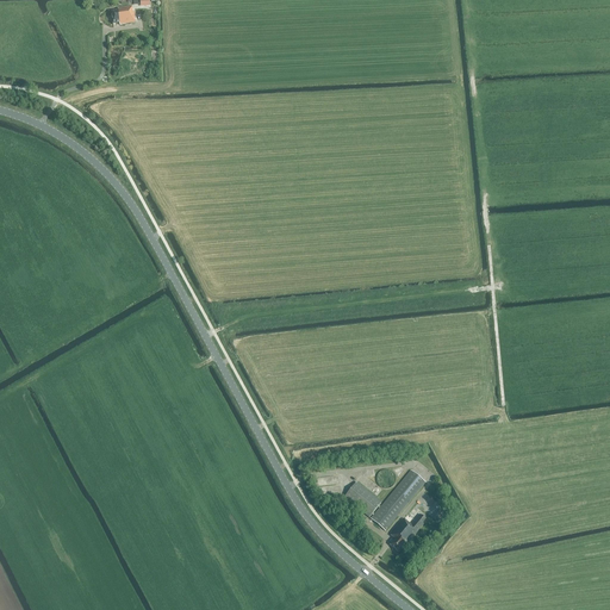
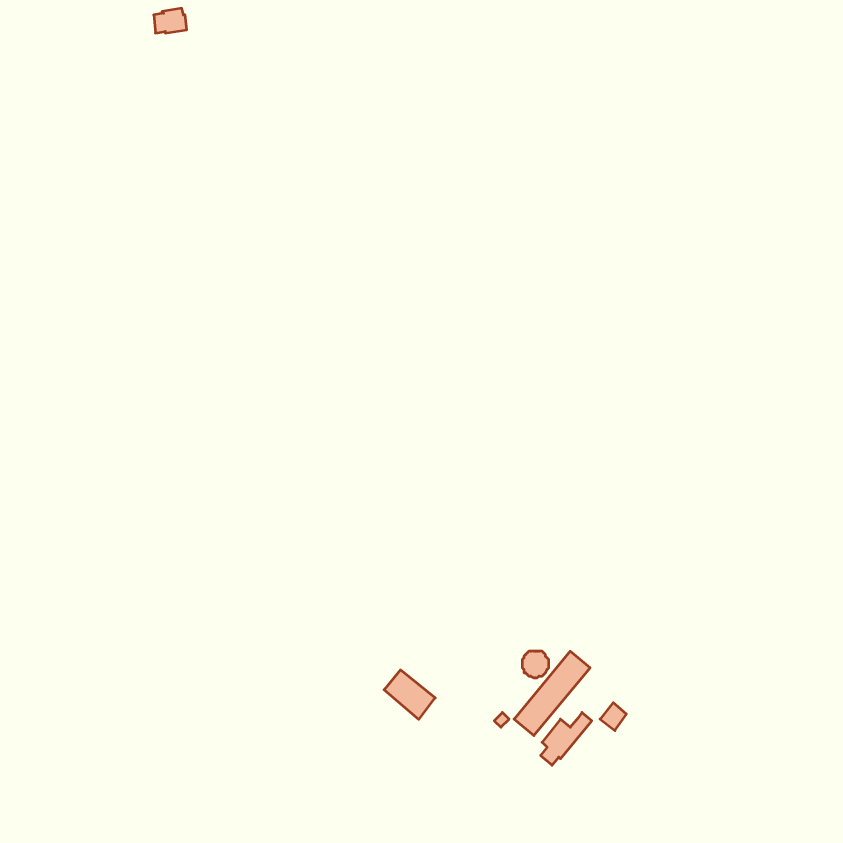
building: [346,481,382,517] -> [384,670,435,719]

